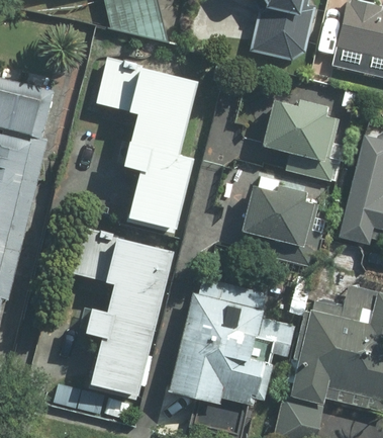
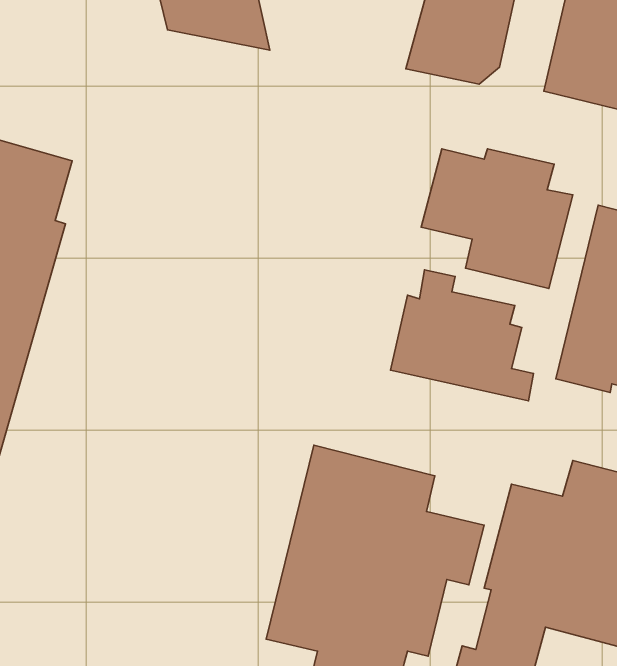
building: [95,56,197,231] -> none
building: [75,229,176,398] -> none

